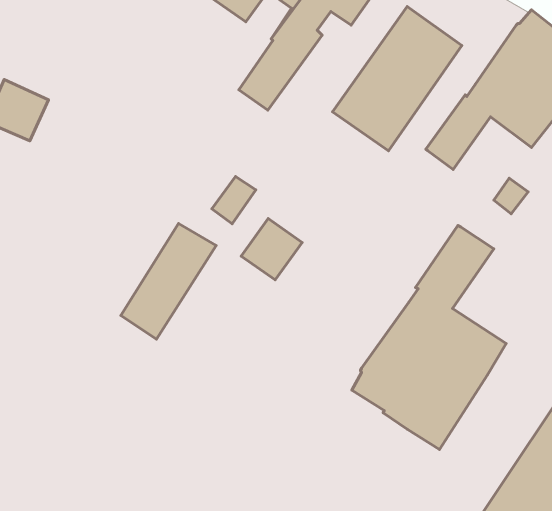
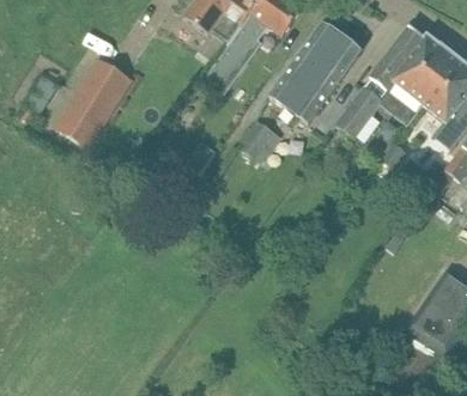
building: [241,219,302,280] -> [237,120,280,163]
building: [121,224,216,339] -> [59,62,126,144]
building: [352,225,506,449] -> none

